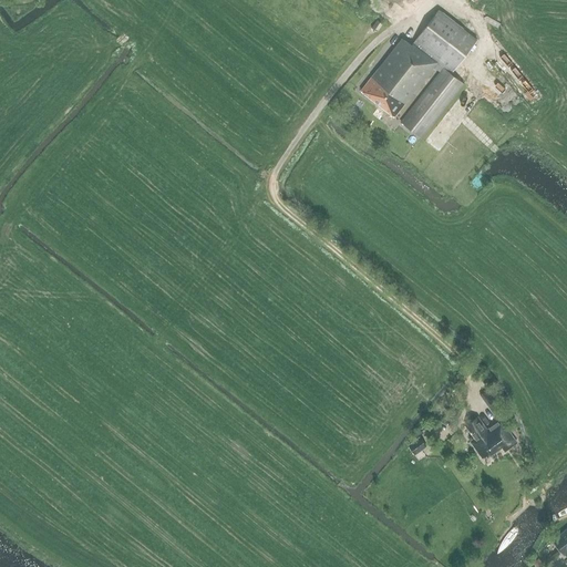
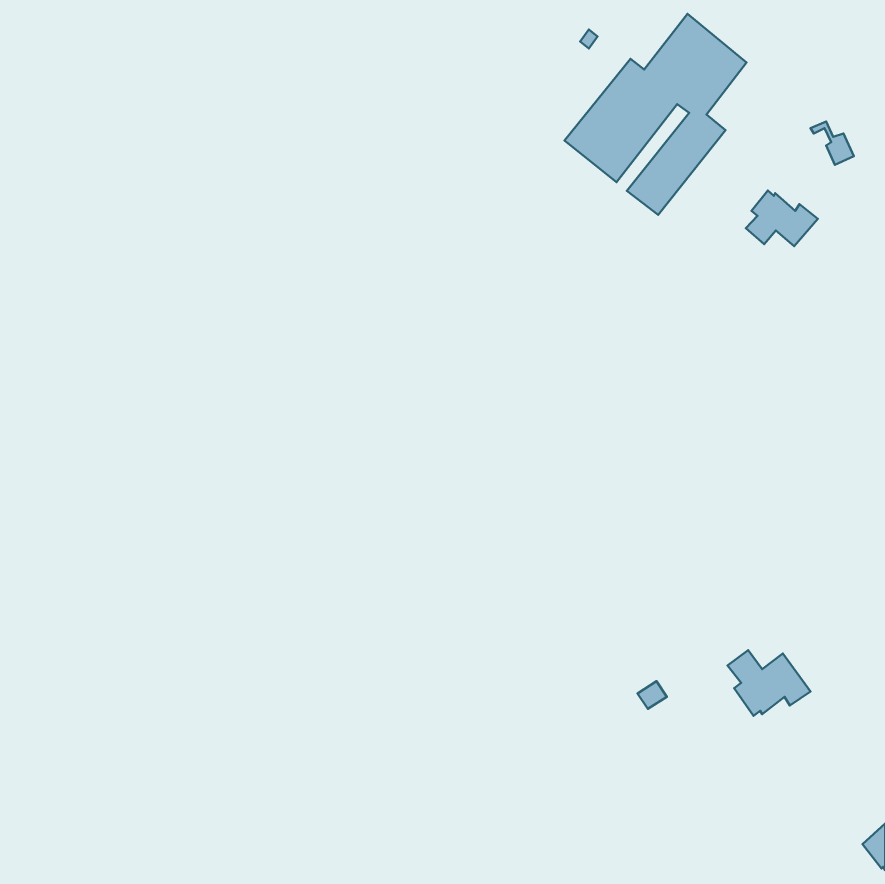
building: none -> [746,190,818,246]

